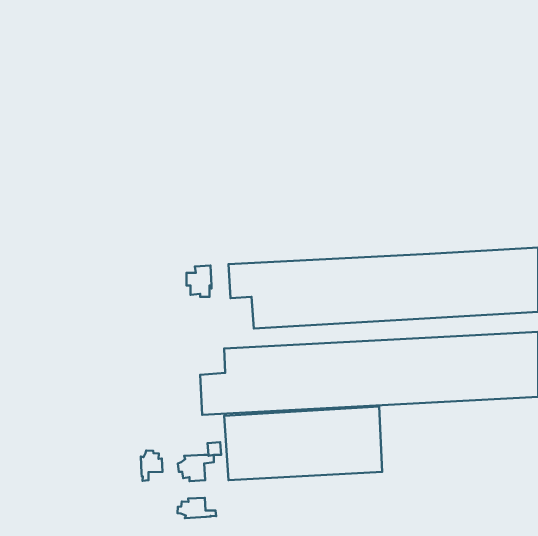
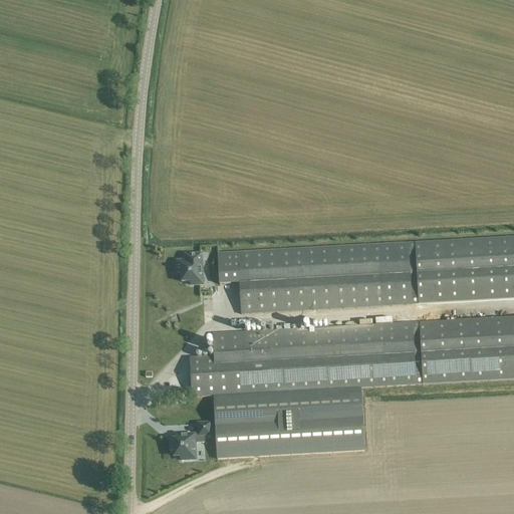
building: [141,451,162,481] -> none
building: [178,498,216,518] -> none

